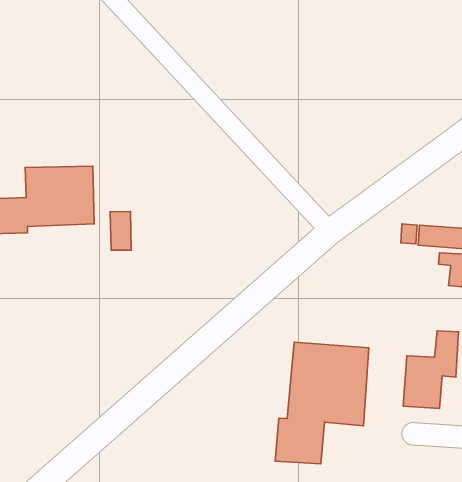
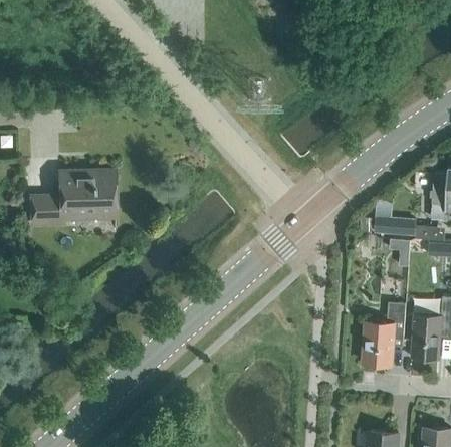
building: [110,212,131,250] -> none
building: [275,342,369,464] -> none

